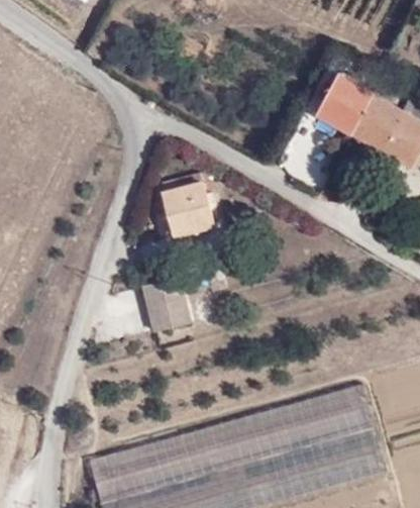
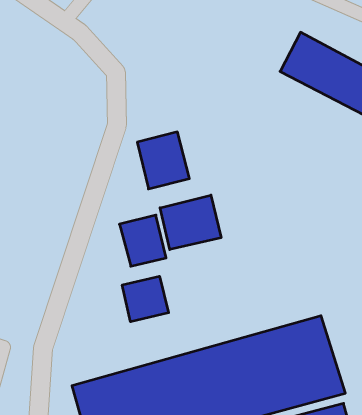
building: none -> [160,195,221,250]
building: none -> [122,276,169,322]

